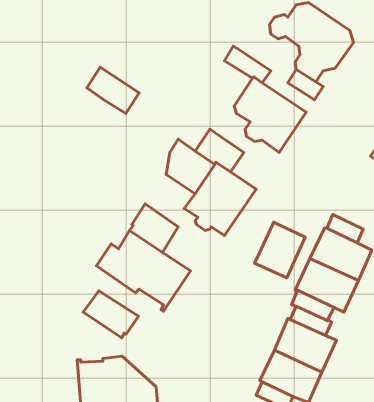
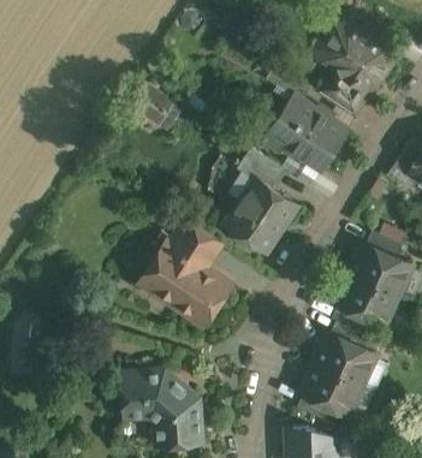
building: [254,222,305,278] -> none
building: [83,291,138,338] -> none

